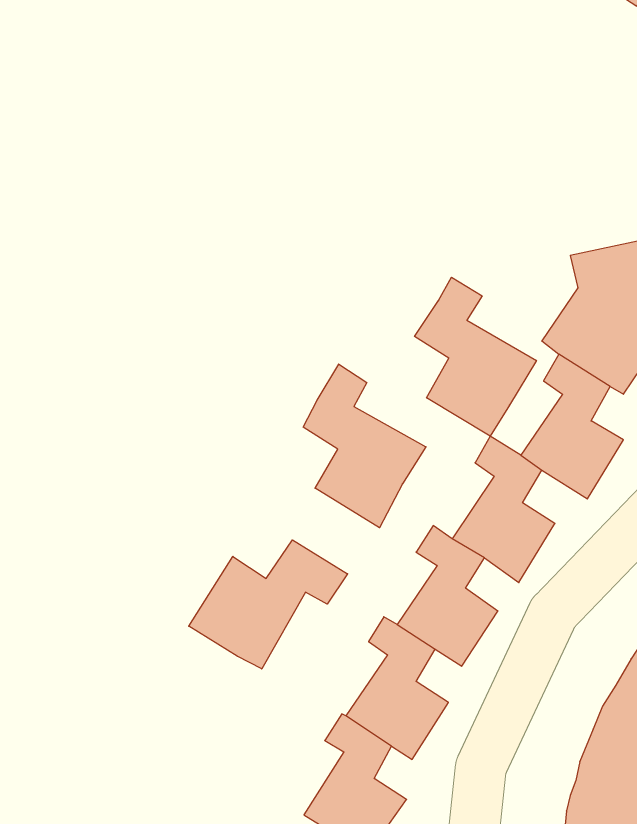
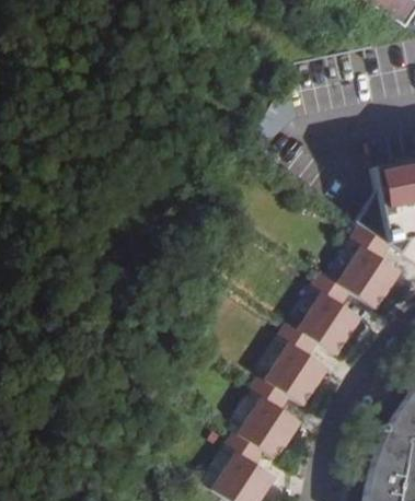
building: [415,277,536,436] -> none
building: [303,364,426,528] -> none
building: [189,540,348,669] -> none

